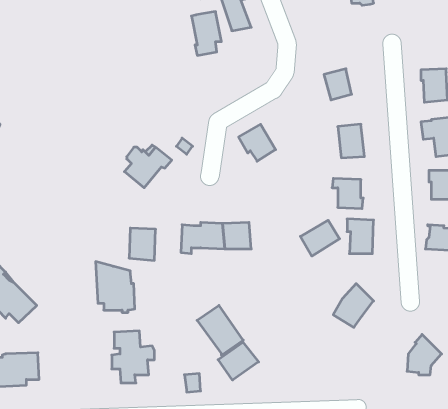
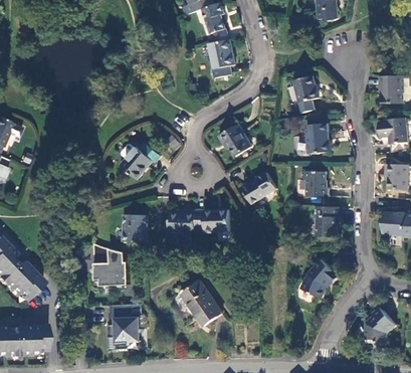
building: [191,12,221,55] -> [209,39,235,77]
building: [300,220,340,256] -> [242,172,276,203]
building: [218,342,259,380] -> none

